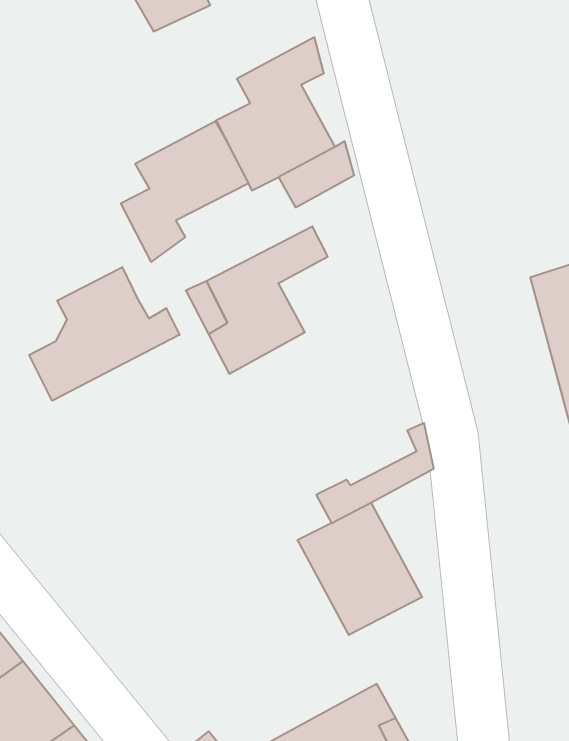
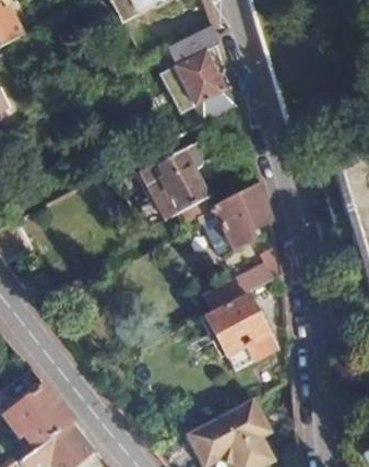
building: [121,121,248,262] -> none
building: [29,267,180,401] -> none
building: none -> [213,181,273,248]

